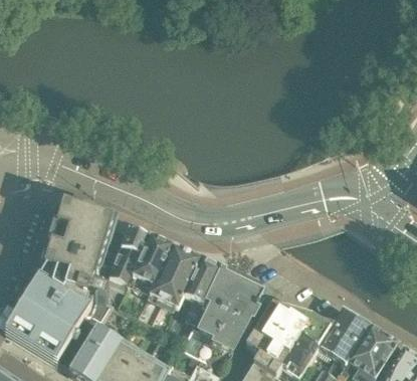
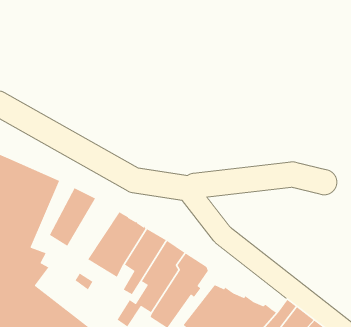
building: [130,236,175,296] -> none

